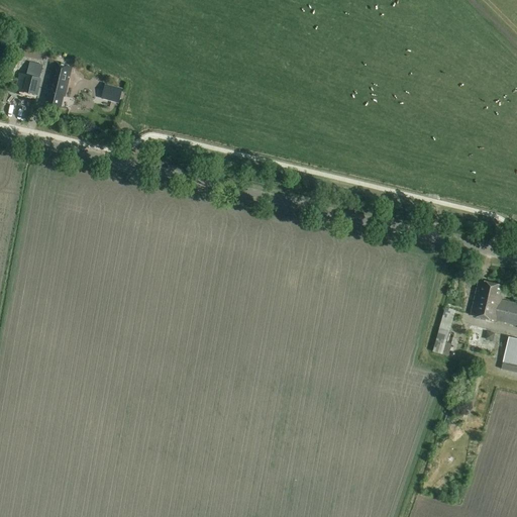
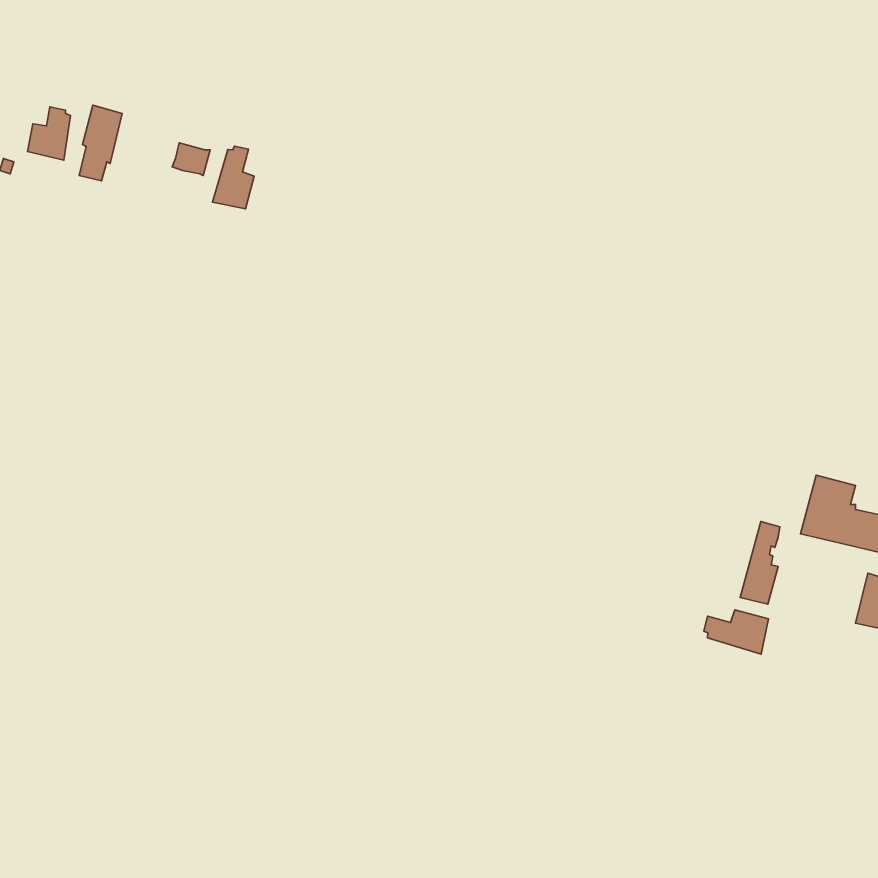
building: none -> [212,146,254,209]
building: none -> [704,610,768,654]

